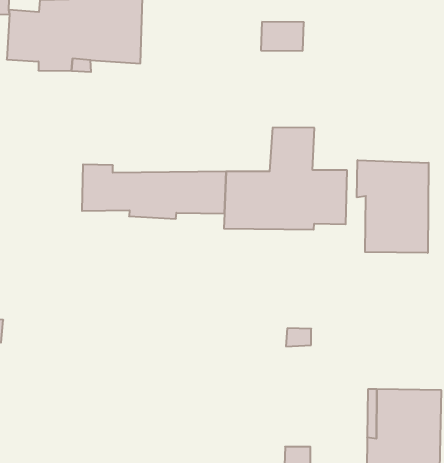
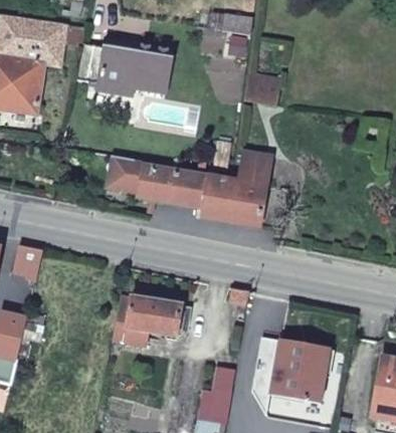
building: [357,160,429,253] -> none
building: none -> [112,296,190,346]

